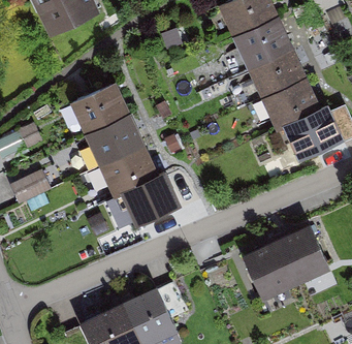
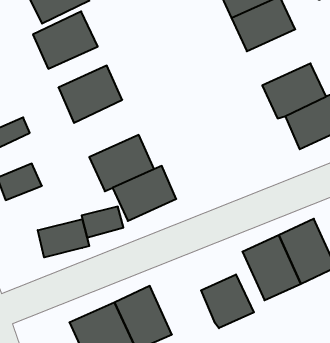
building: [247,46,307,99] -> none
building: [85,113,146,166] -> [33,11,98,69]
building: none -> [38,219,89,257]
building: none -> [201,274,254,328]

